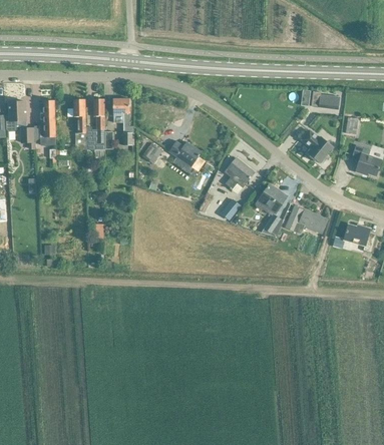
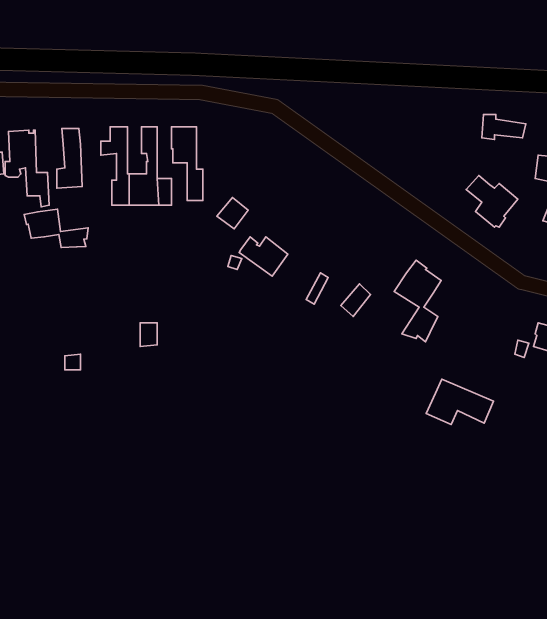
building: [169,140,201,165] -> [239,237,288,276]
building: none -> [24,209,88,247]
building: [225,156,255,188] -> none
building: [285,204,328,234] -> [426,379,493,425]

